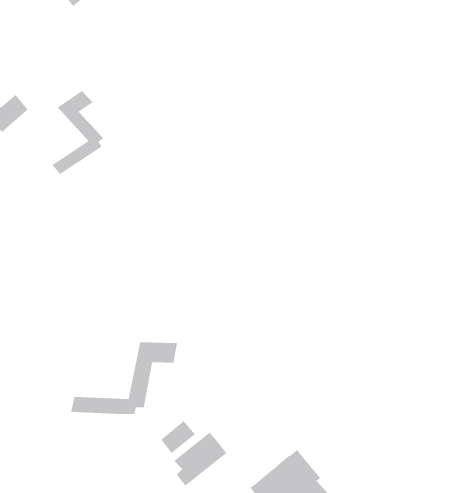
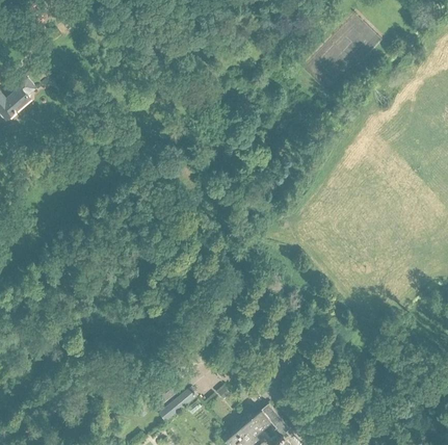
building: [52,90,104,175] -> none
building: [71,341,177,415] -> none

